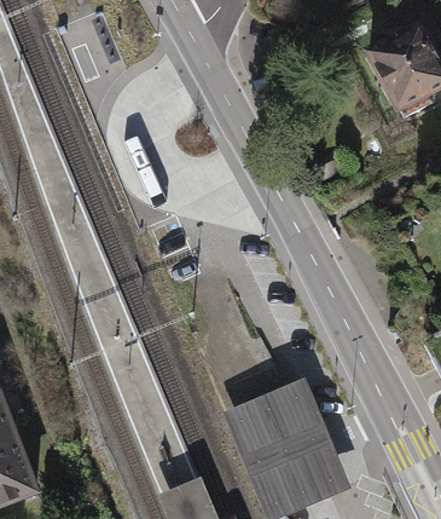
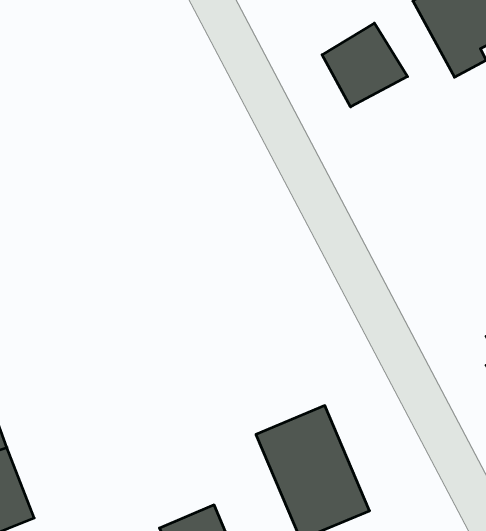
building: none -> [322,23,408,107]

